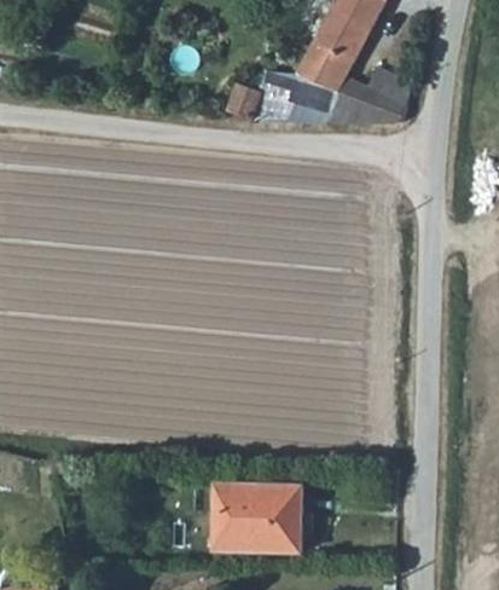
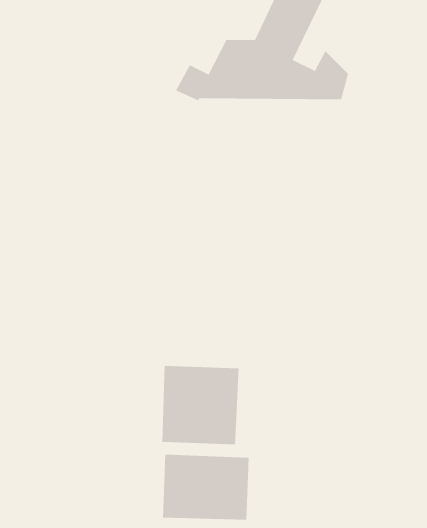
building: none -> [162,365,239,445]

